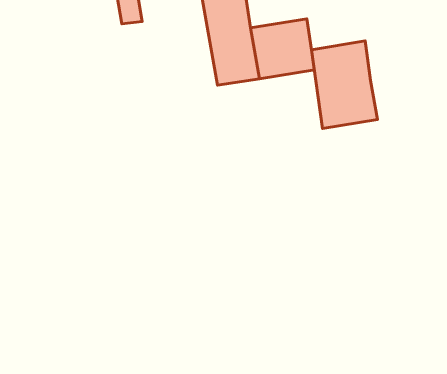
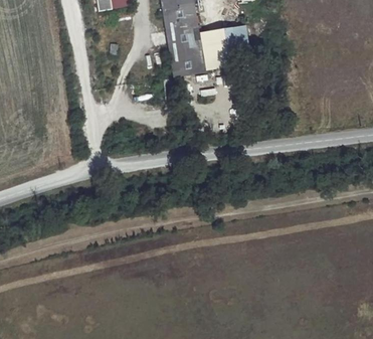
building: [312,41,378,129] -> none

